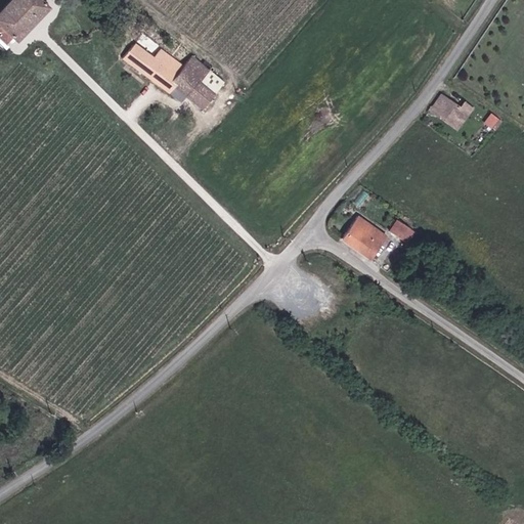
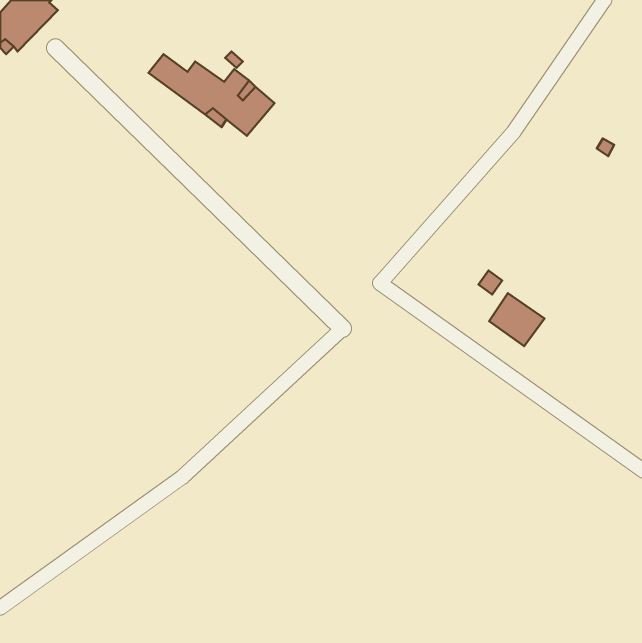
building: [434,93,474,125] -> none
building: [342,216,387,259] -> [489,293,544,346]

